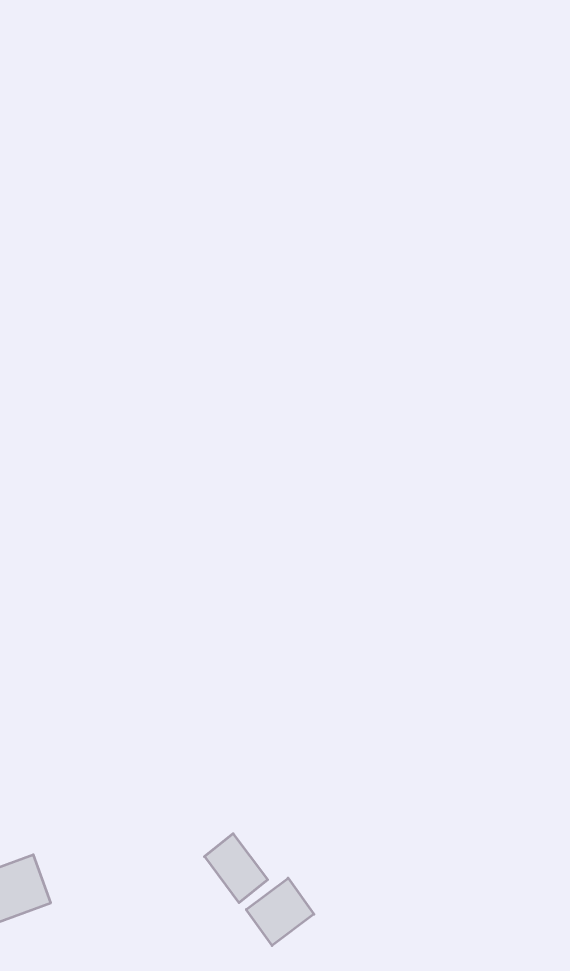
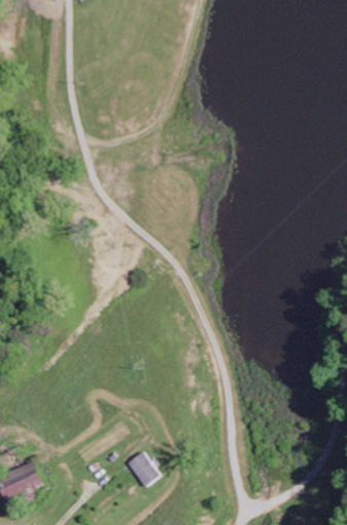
building: [246,878,314,946] -> none

